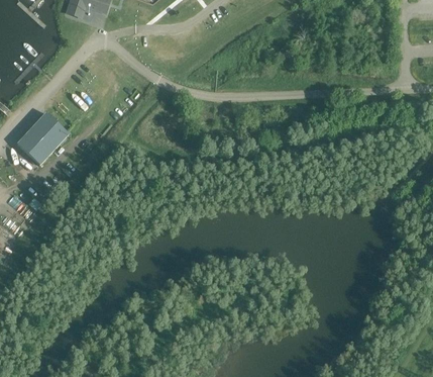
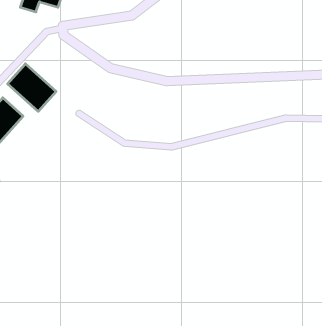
building: none -> [8,64,56,111]

